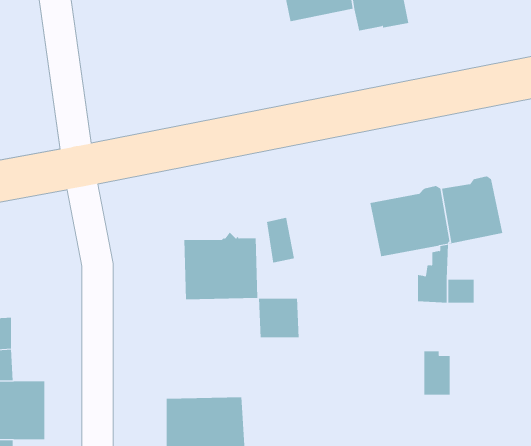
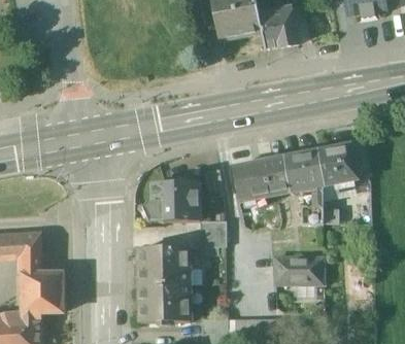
building: none -> [232,159,279,202]
building: none -> [139,247,190,285]
building: none -> [275,256,307,283]

